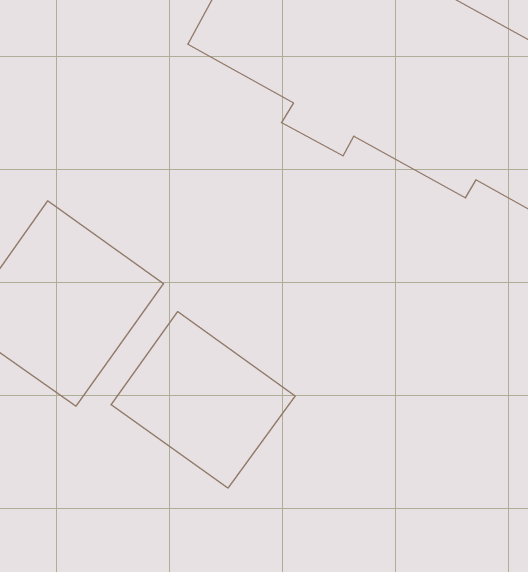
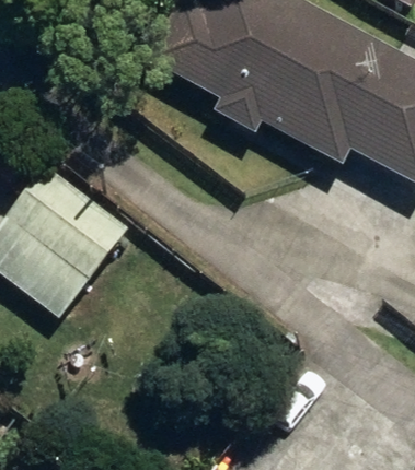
building: [111,312,295,488] -> none

